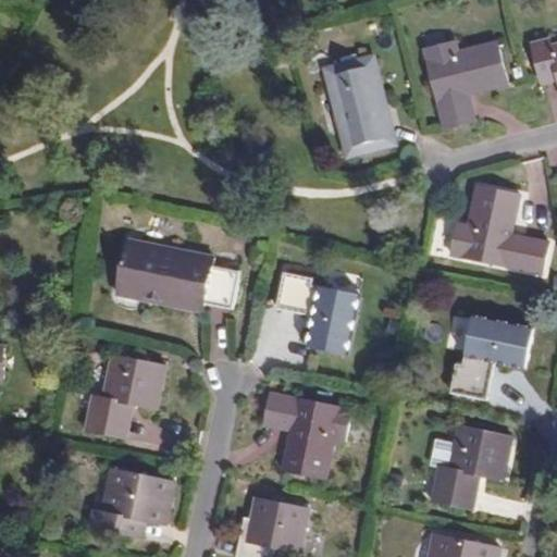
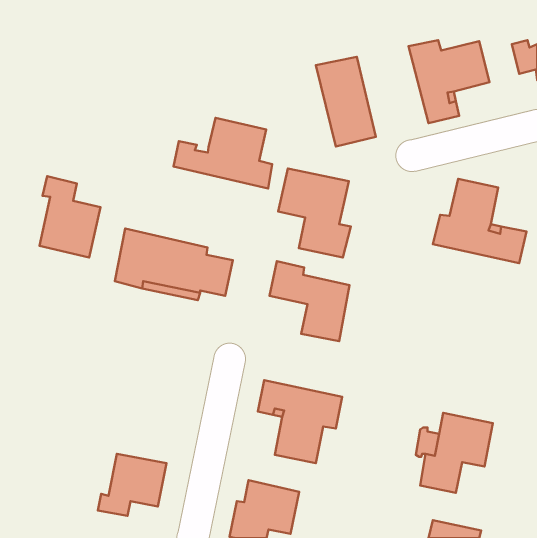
building: none -> [173,118,272,188]
building: none -> [278,169,351,257]
building: none -> [39,176,101,257]
building: [450,317,532,400] -> none
building: [87,354,163,436] -> none

